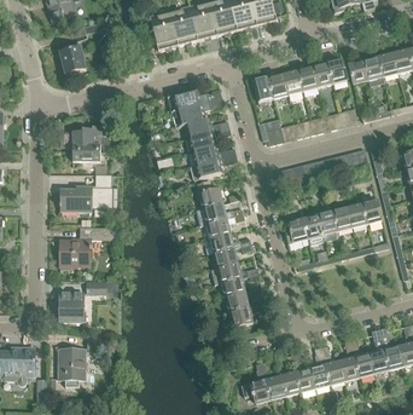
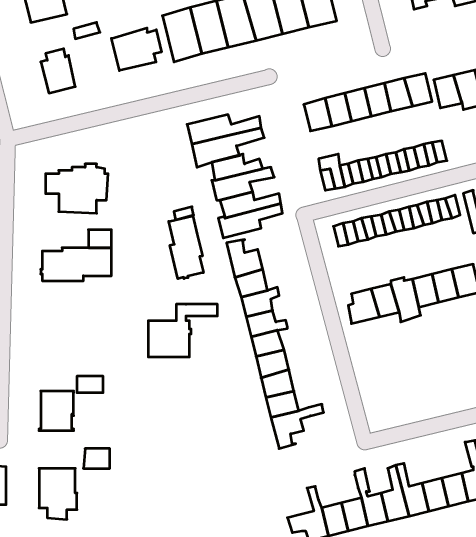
building: none -> [111,28,161,71]
building: none -> [169,216,203,279]
building: [59,227,110,266] -> [148,304,217,357]

